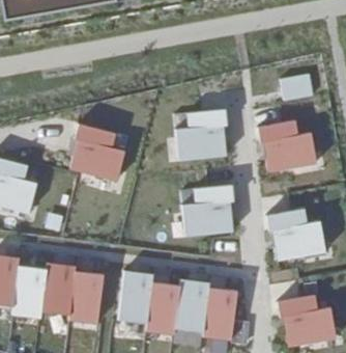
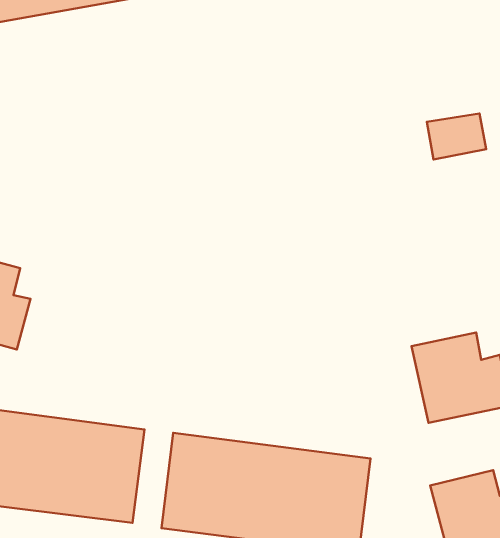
building: [176,107,230,161] -> none
building: [257,120,317,175] -> none
building: [66,121,123,182] -> none
building: [184,184,237,238] -> none

